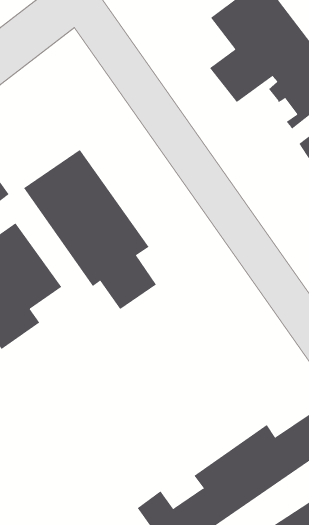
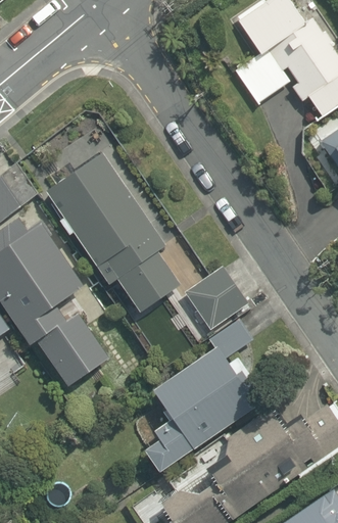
building: none -> [187,266,251,330]
building: none -> [39,316,108,388]
building: none -> [146,342,259,472]

